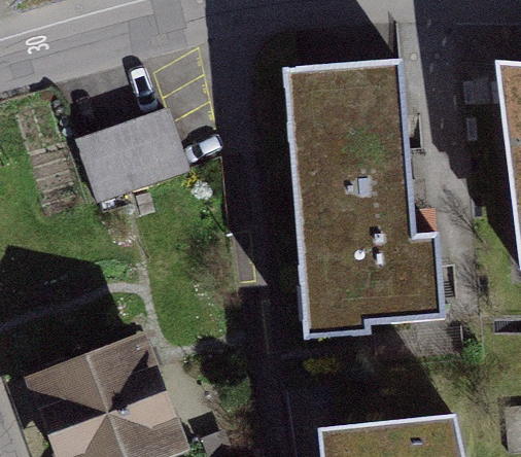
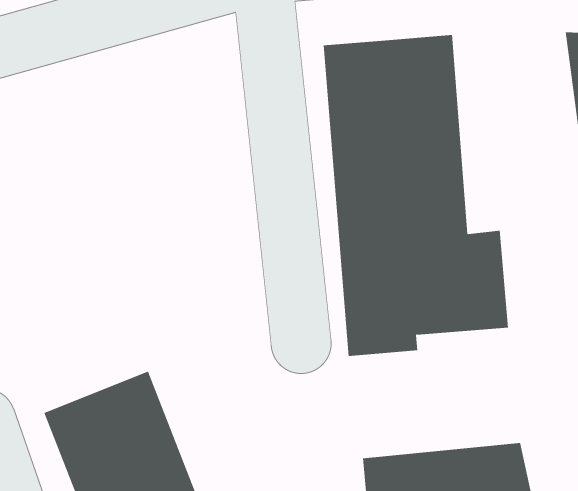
building: [79,101,193,197] -> none

